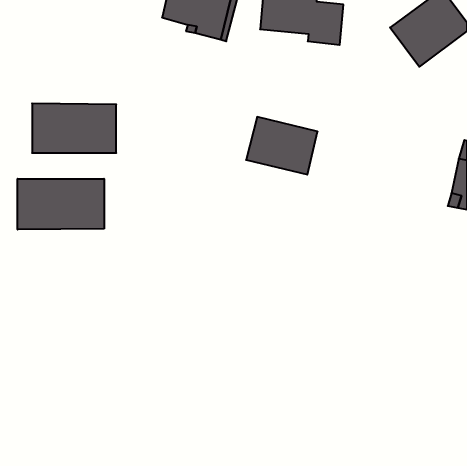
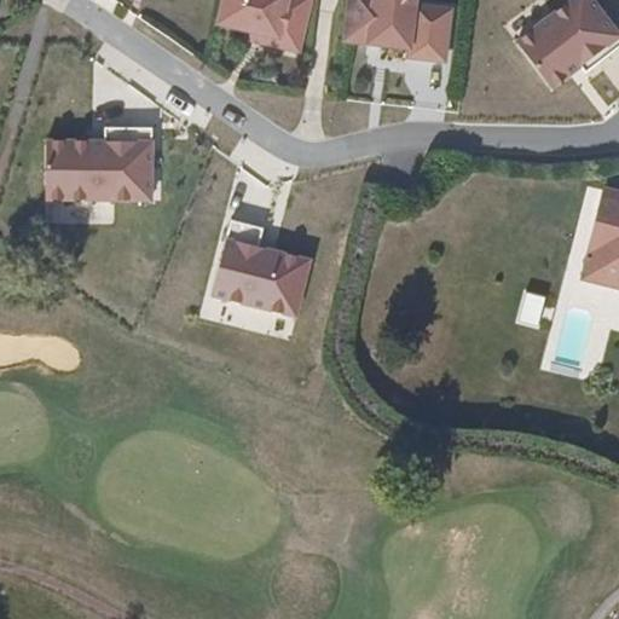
building: [246,117,318,175] -> [214,236,308,312]
building: [18,179,104,230] -> none

